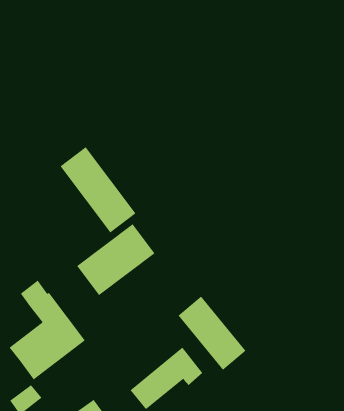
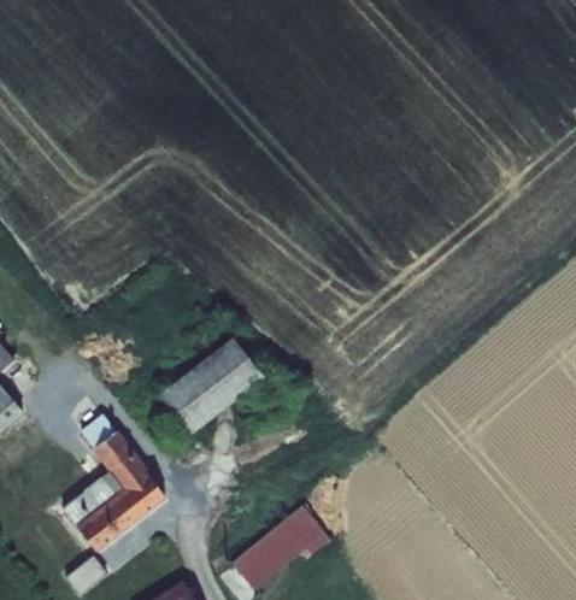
building: [60,146,136,233] -> none
building: [178,296,247,371] -> none

